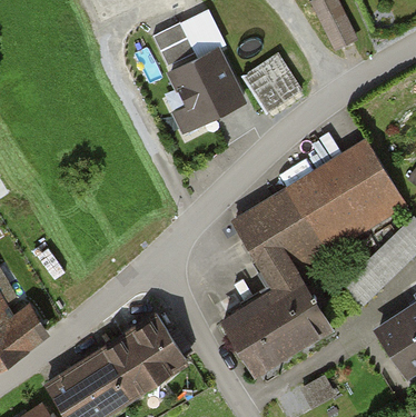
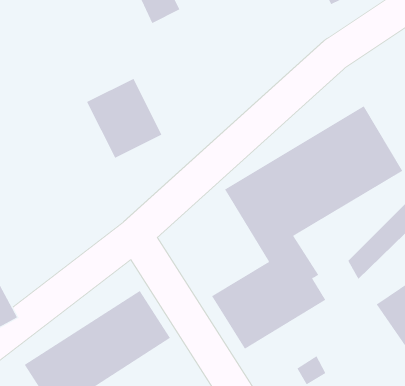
building: [170,49,241,125] -> [86,78,162,159]
building: [241,53,300,112] -> none

